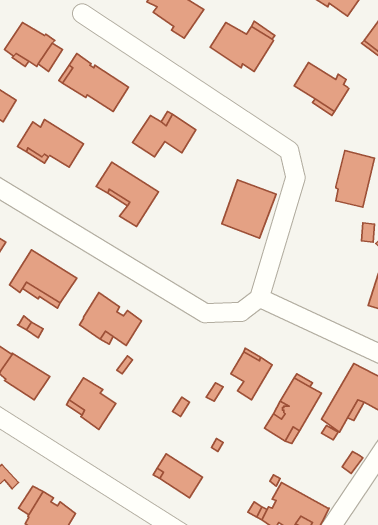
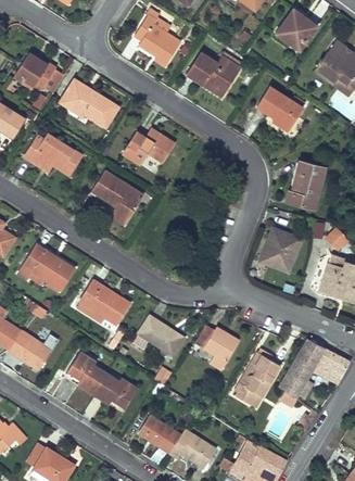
building: [222,180,276,238] -> [257,226,303,275]
building: none -> [132,316,183,355]
building: none -> [93,374,138,407]
building: none -> [169,430,215,468]

